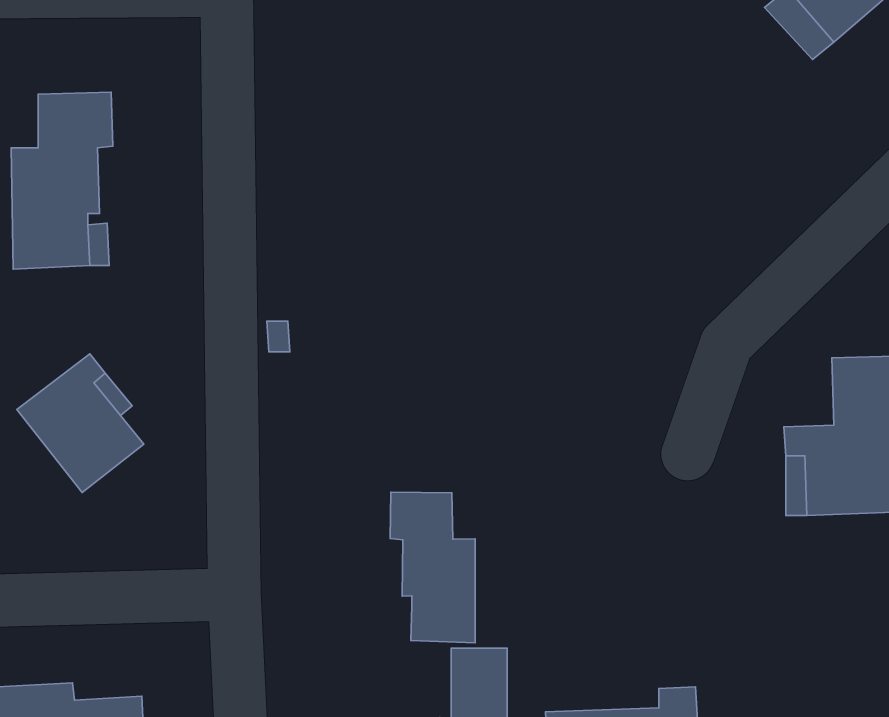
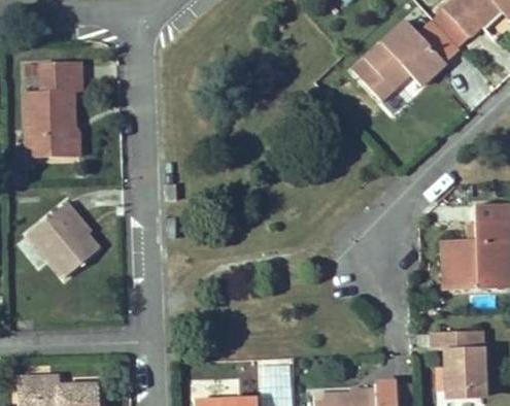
building: none -> [353,23,447,103]
building: [390,492,475,643] -> none
building: none -> [431,331,483,390]

